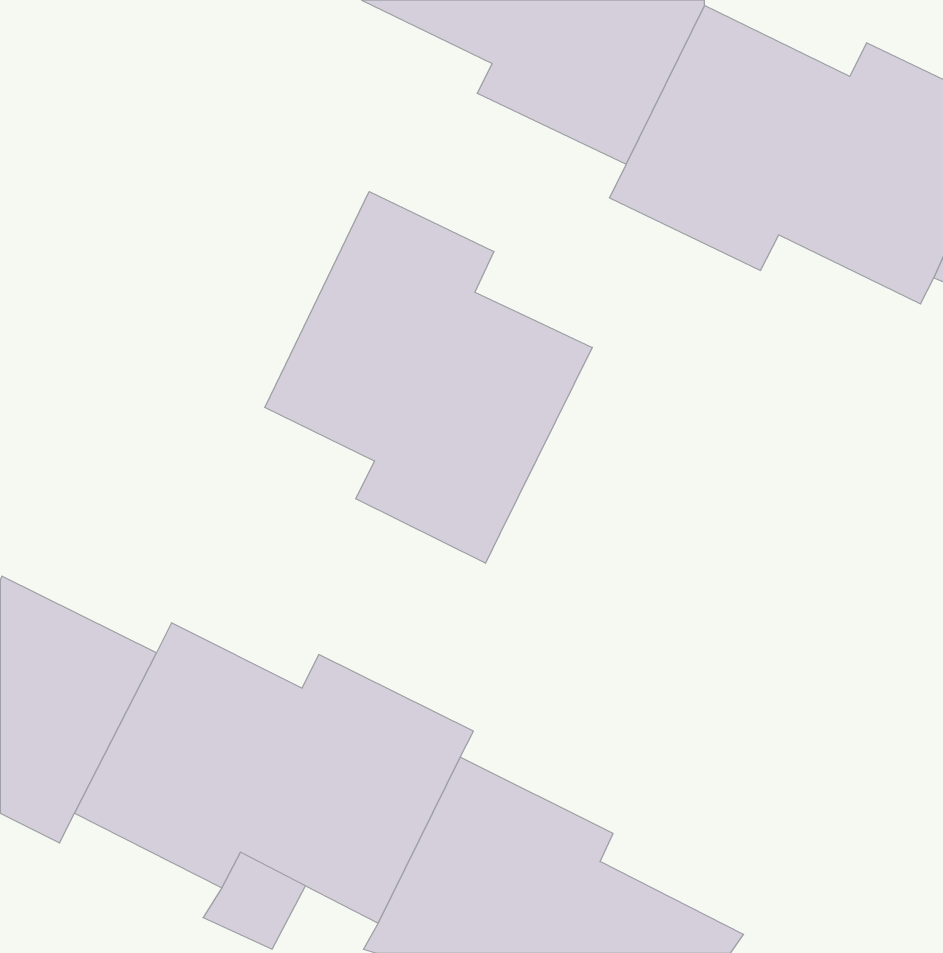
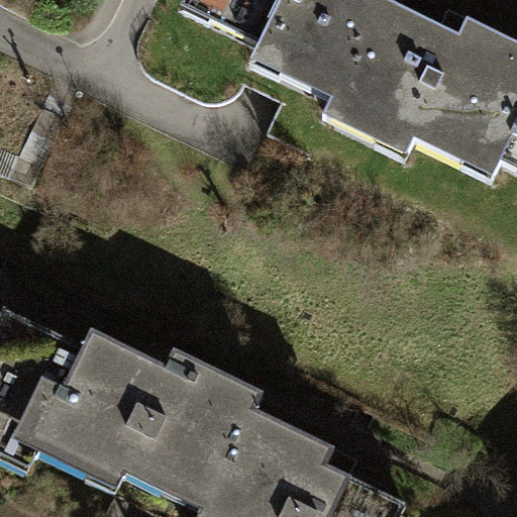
building: [265,192,592,563] -> none

